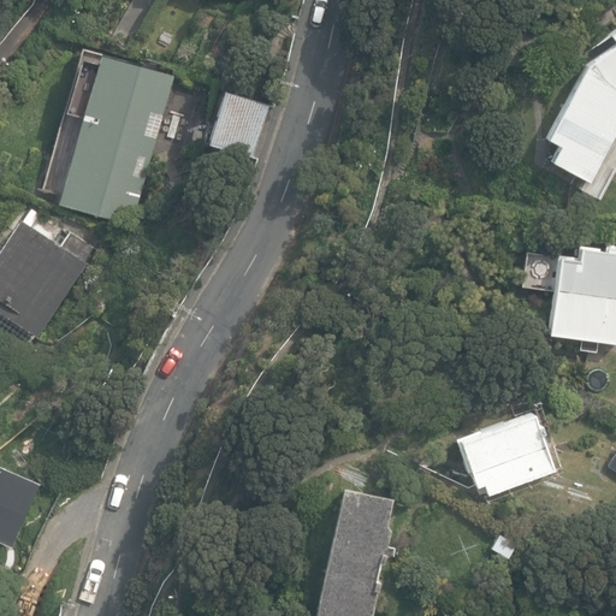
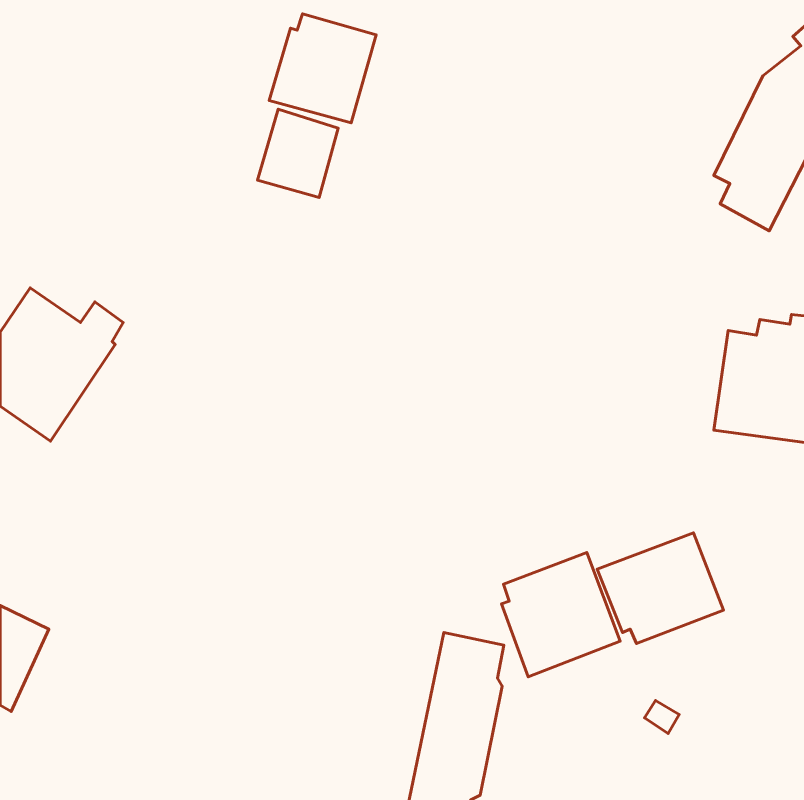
building: none -> [269,14,376,123]
building: [58,54,172,223] -> none
building: none -> [501,552,620,677]

